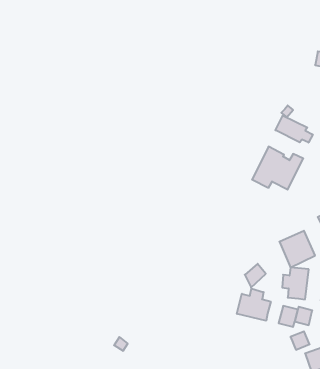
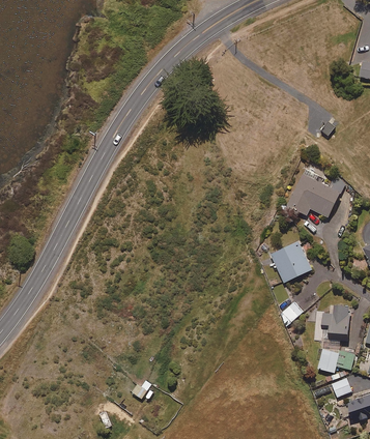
building: [275,115,313,143] -> none
building: [279,231,315,267] -> [271,241,311,283]
building: [237,289,271,321] -> none

